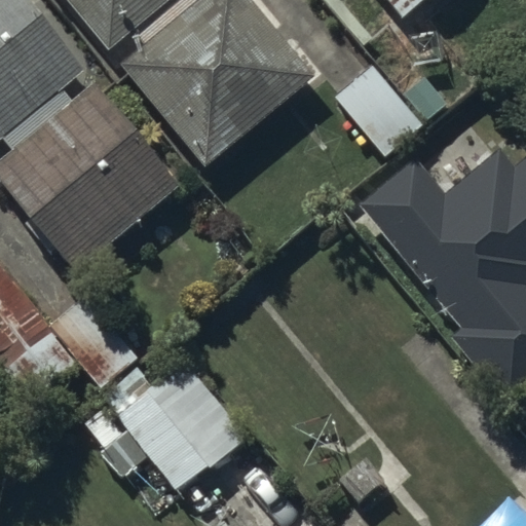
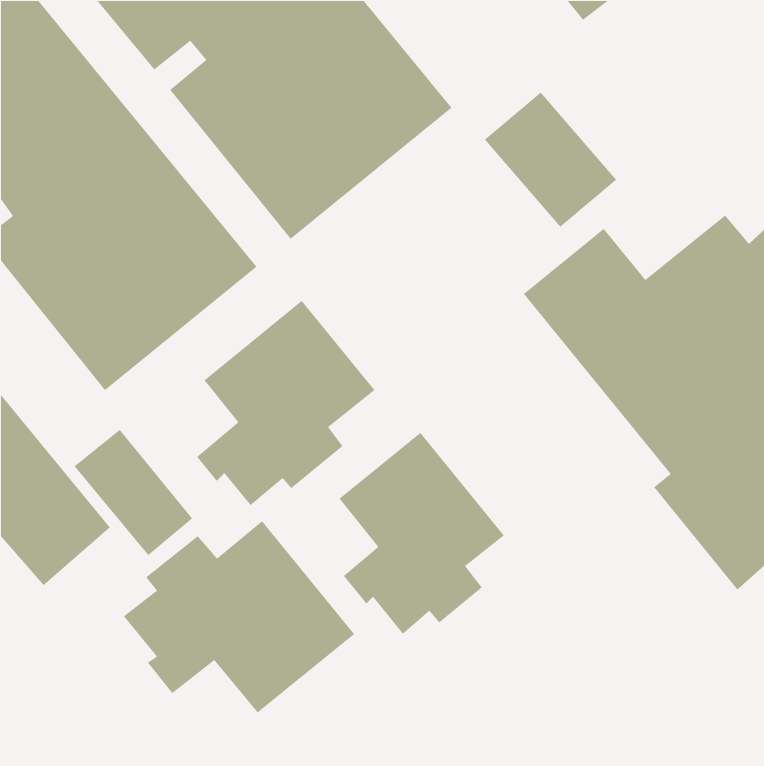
building: none -> [196,300,375,506]
building: none -> [338,432,505,635]

